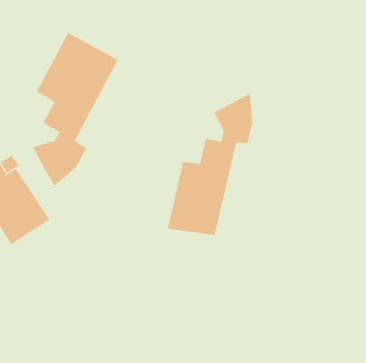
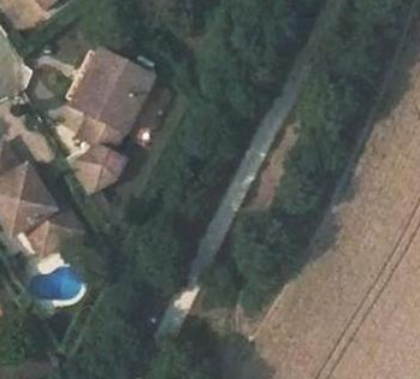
building: [167,93,253,236] -> none

